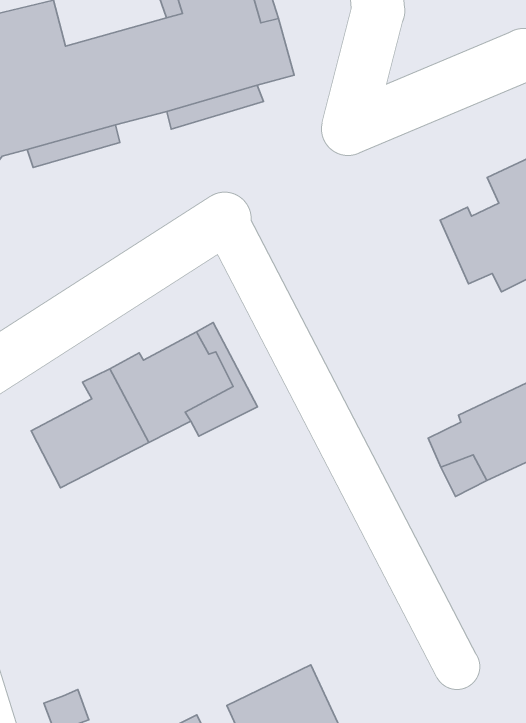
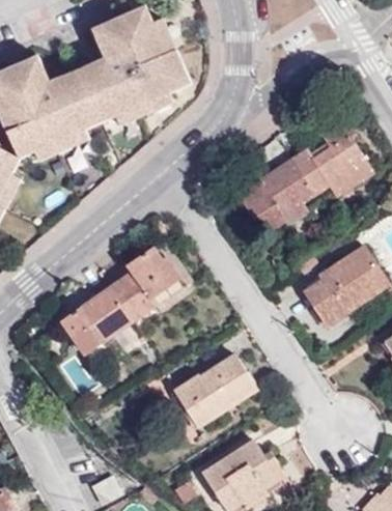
building: none -> [231,159,315,235]
building: none -> [175,354,255,426]

